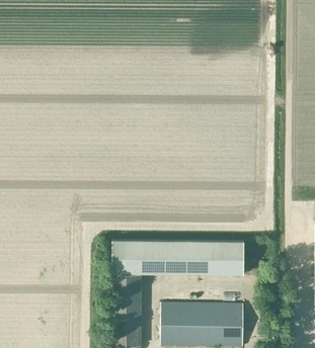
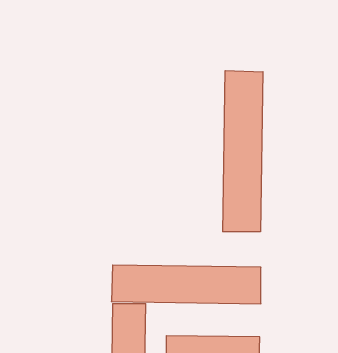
building: none -> [223,71,263,232]

